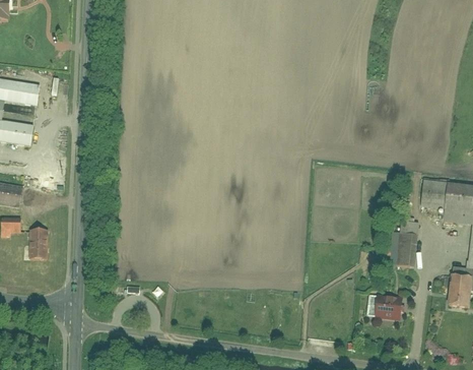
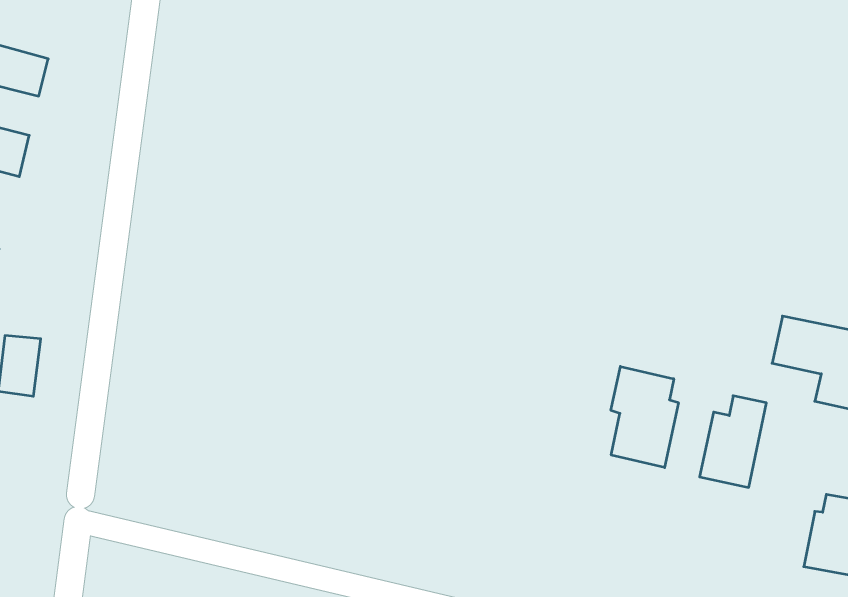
building: none -> [611,366,678,468]
building: [368,293,403,317] -> none

